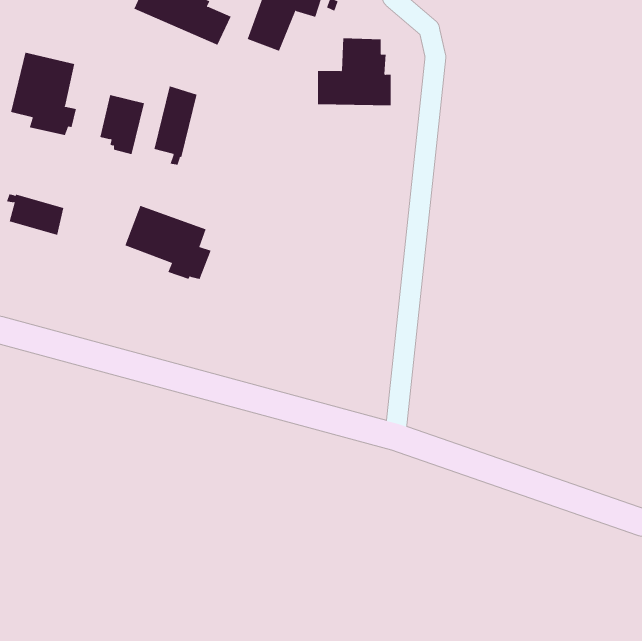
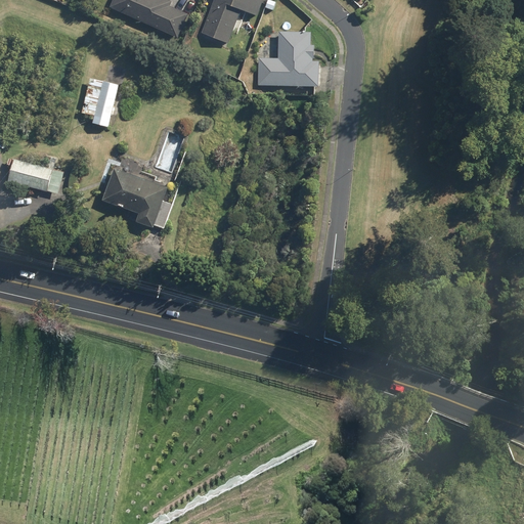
building: [11,52,77,136] -> none
building: [154,86,197,165] -> none

